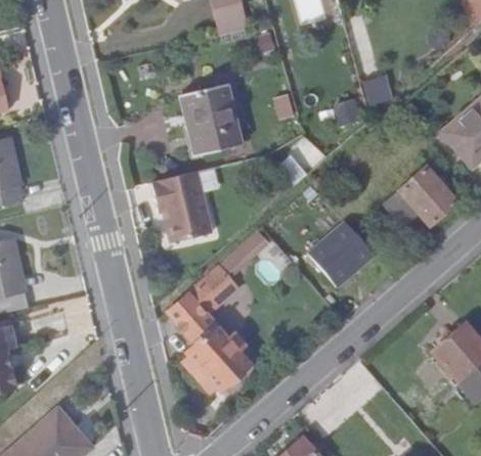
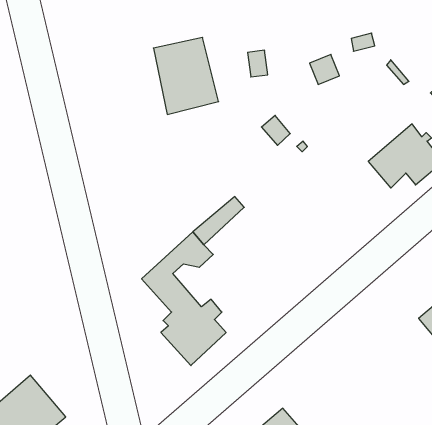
building: [151,171,212,244] -> none
building: [310,221,377,286] -> none

